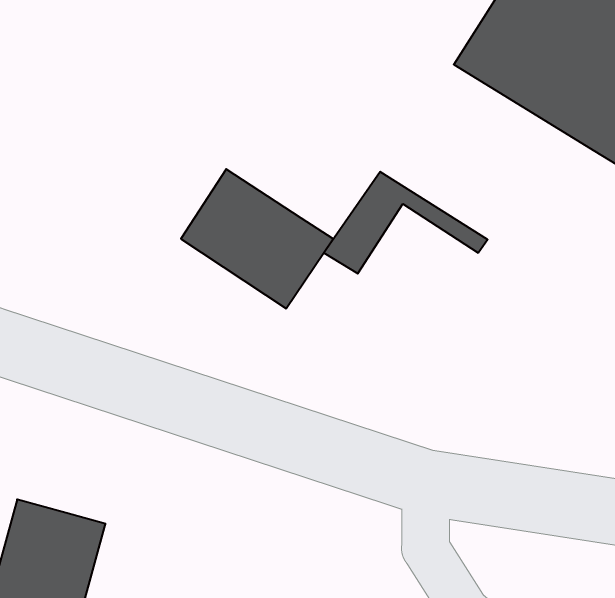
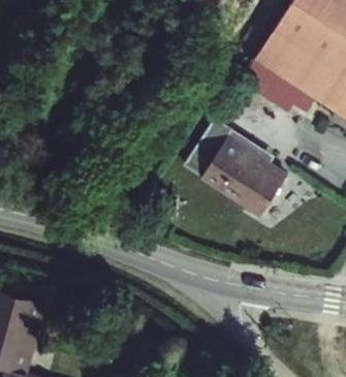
building: none -> [244,60,333,114]
building: [181,169,333,308] -> [202,136,286,213]

